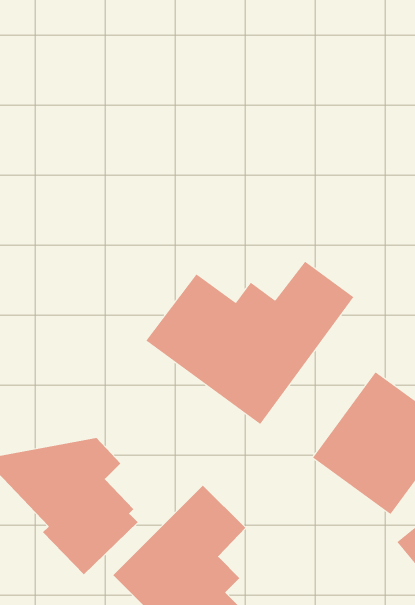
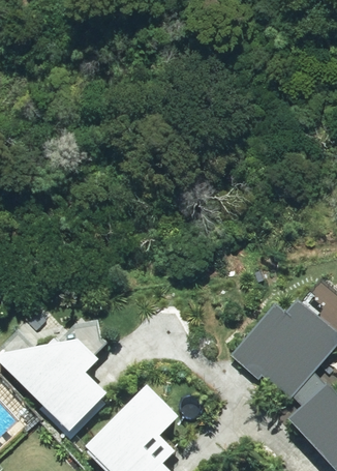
building: [146,261,354,425] -> none

